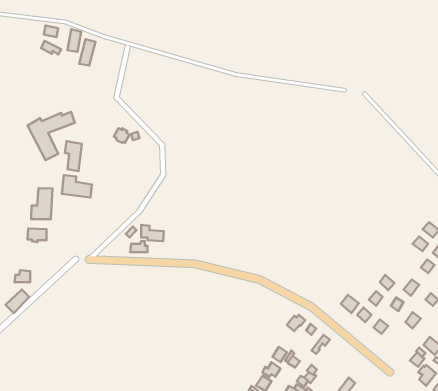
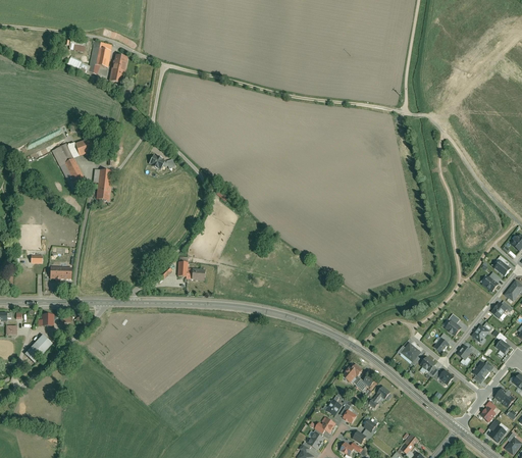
building: [62,175,92,198] -> none
building: [31,188,52,219] -> none

